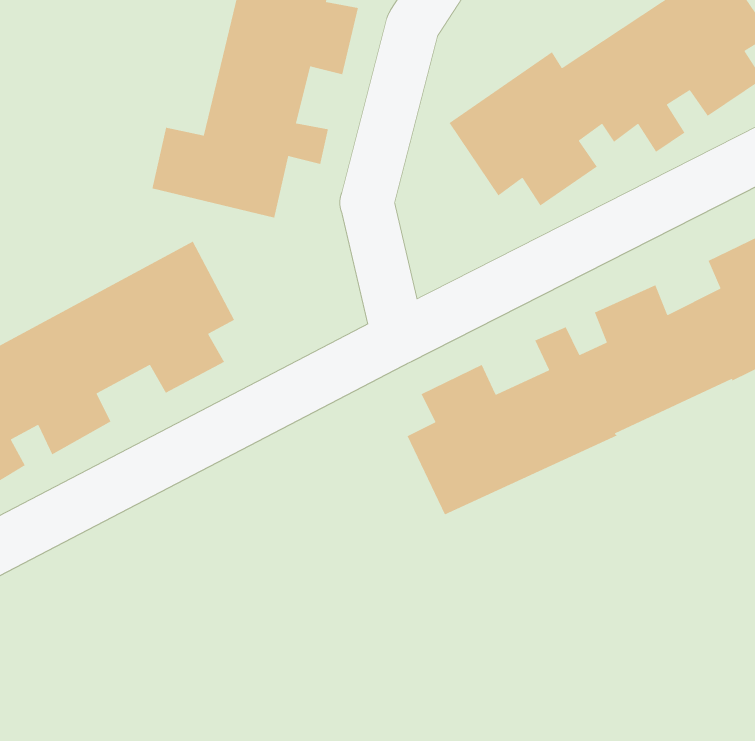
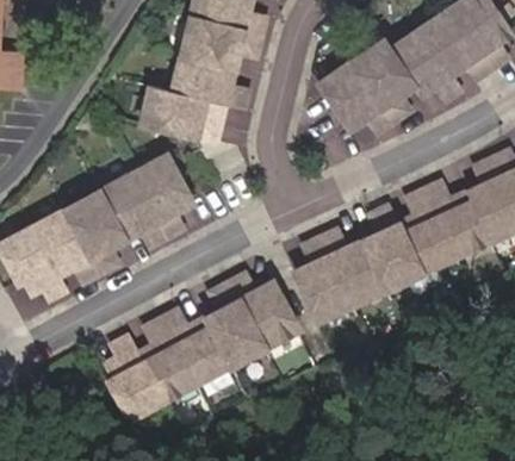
building: none -> [108,272,298,417]

